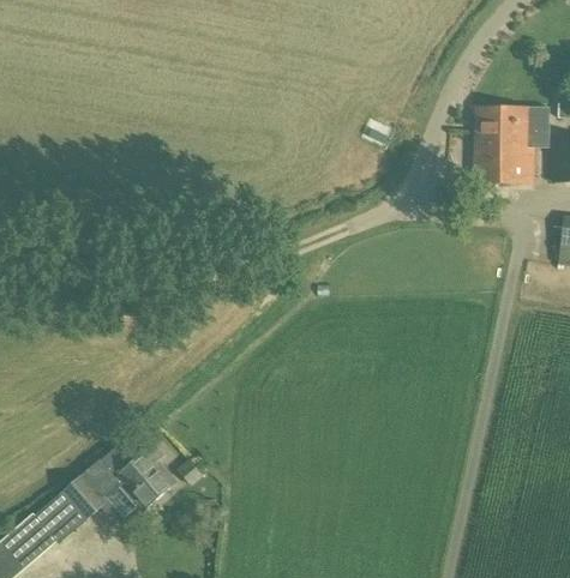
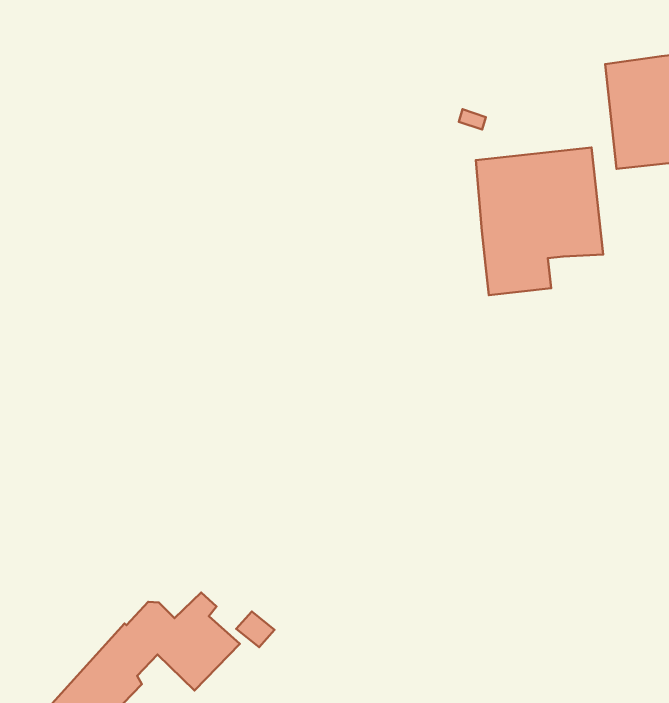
building: none -> [476,147,603,295]

